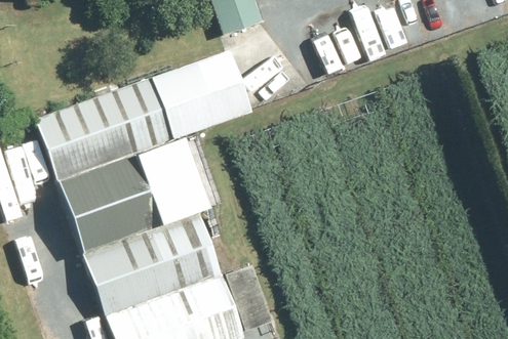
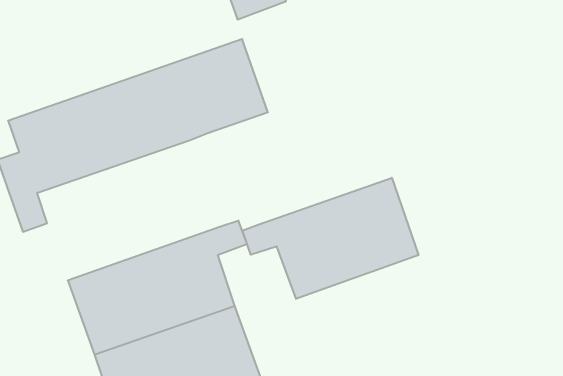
building: [56,129,226,253] -> none
building: none -> [243,178,418,299]

